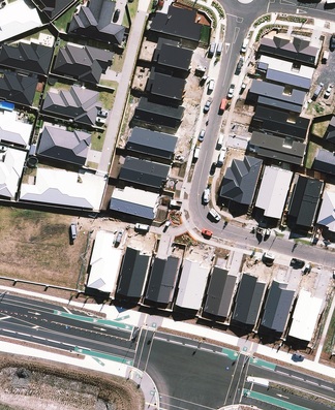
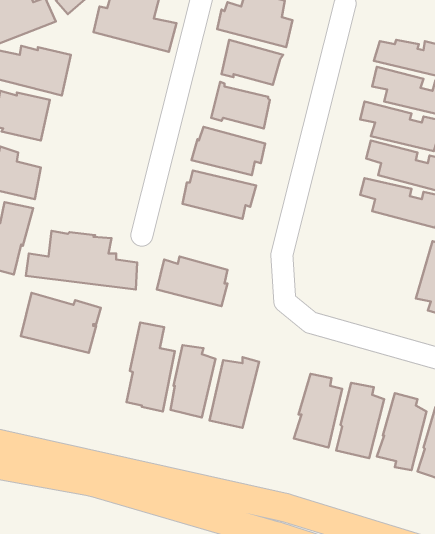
building: [52,43,113,83] -> none
building: [40,84,101,125] -> none
building: [36,123,91,164] -> [21,293,101,353]
building: [120,155,172,188] -> none
building: [220,155,264,204] -> none
building: [255,165,294,219] -> none
building: [177,257,210,309] -> none

